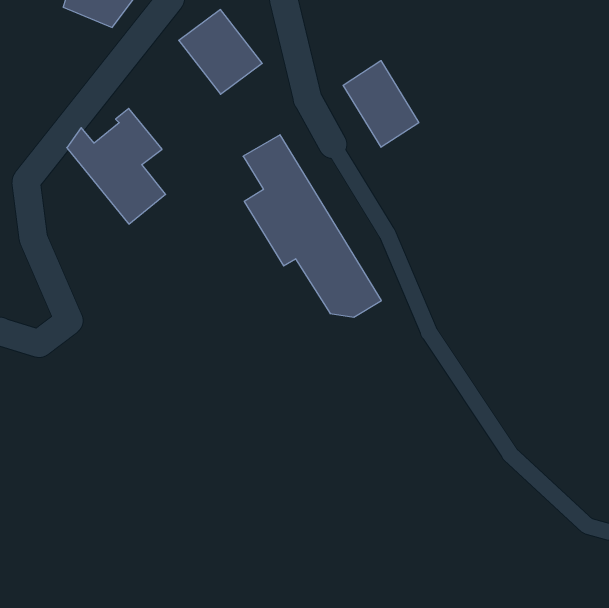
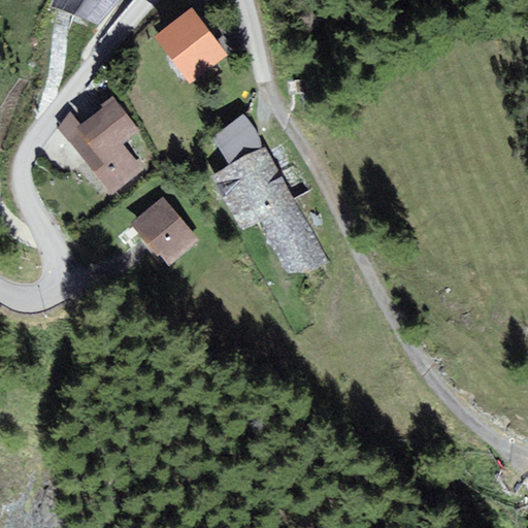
building: [343,61,419,147] -> none
building: none -> [130,196,199,264]

